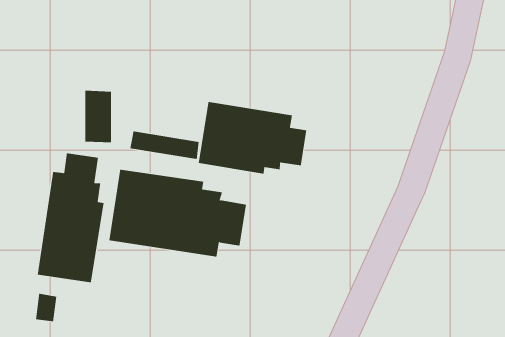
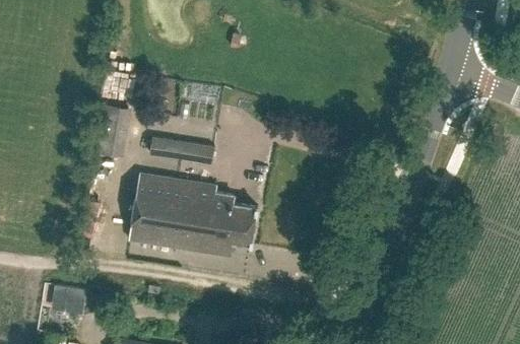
building: [198,101,307,175] -> none
building: [37,153,104,283] -> none

